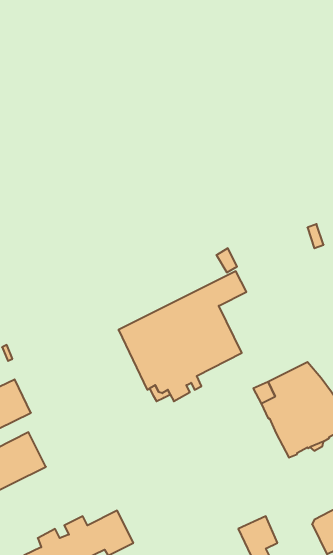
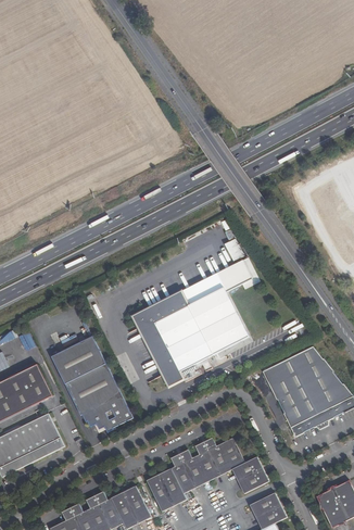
building: none -> [53,336,136,432]
building: none -> [144,437,268,512]

